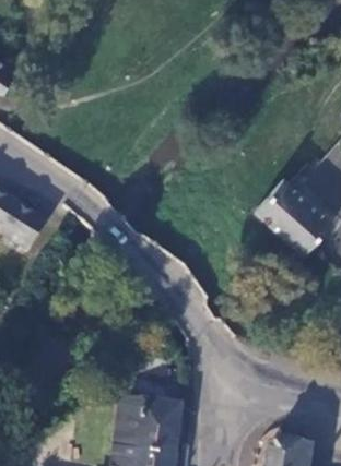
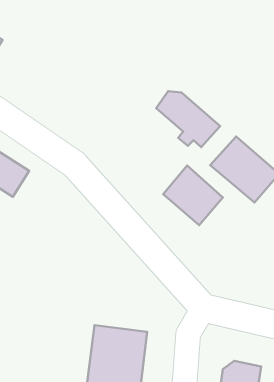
building: none -> [156,91,220,147]
building: none -> [163,166,223,225]

